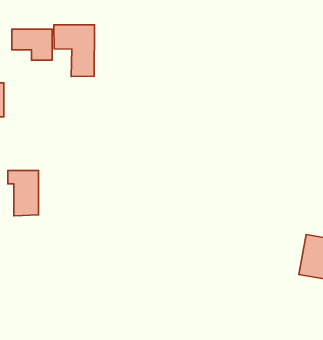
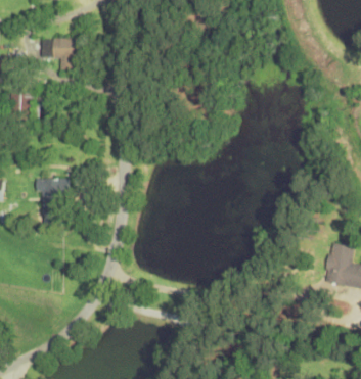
building: [54,25,95,76] -> none

